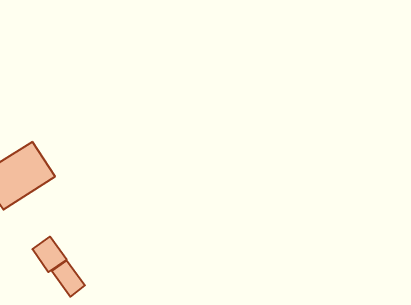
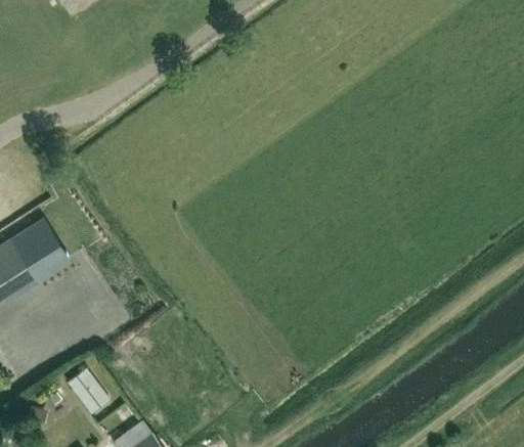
building: [32,237,67,272] -> none

